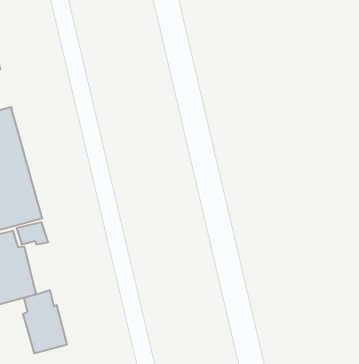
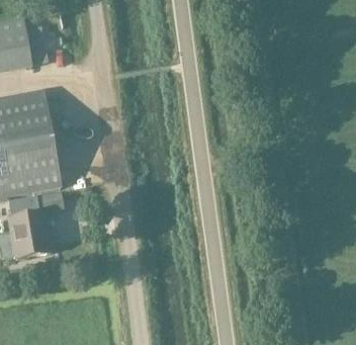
building: [23,290,67,353] -> none

